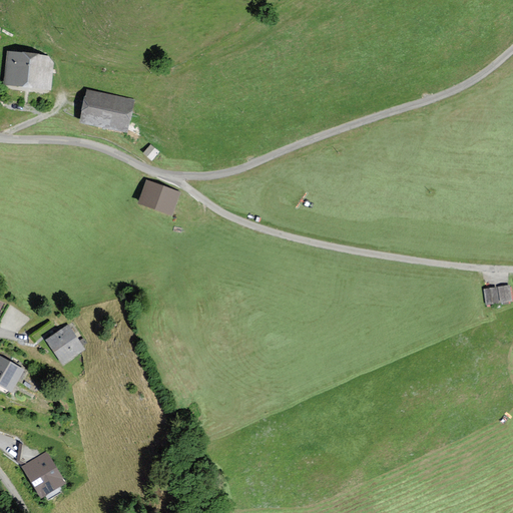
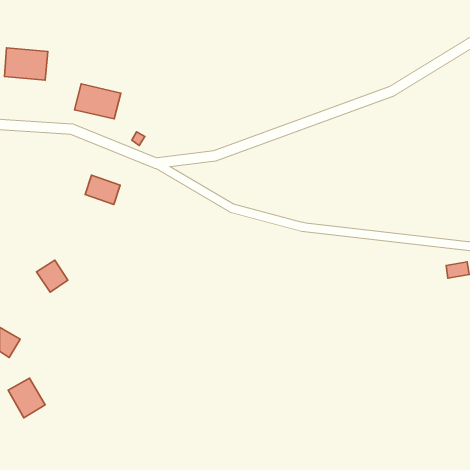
building: [140,181,178,213] -> [85,175,120,204]
building: [47,327,81,362] -> [36,260,68,292]
building: [23,453,63,496] -> [8,378,45,418]

